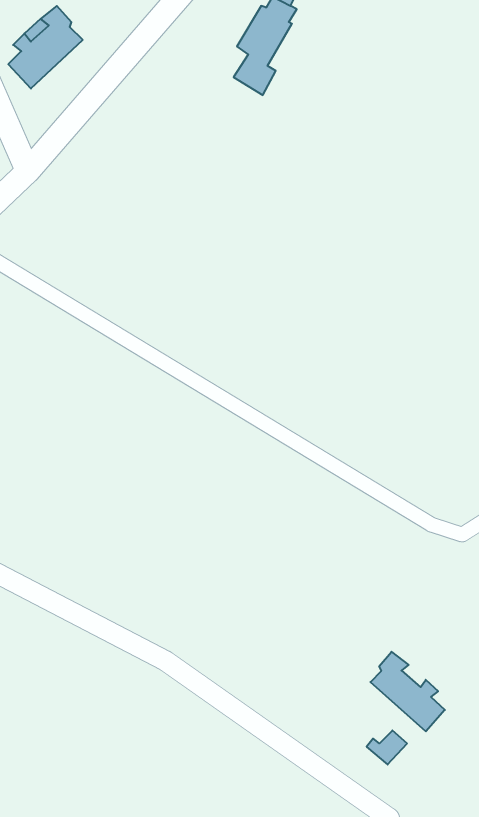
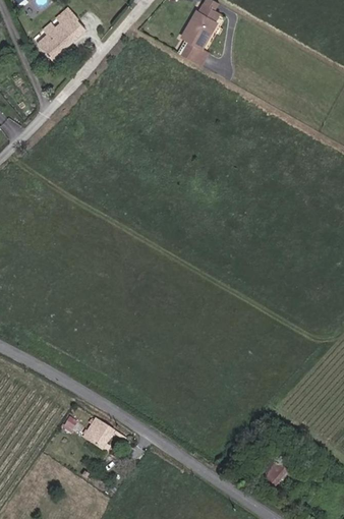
building: [370,652,445,731] -> none
building: none -> [83,421,115,452]

